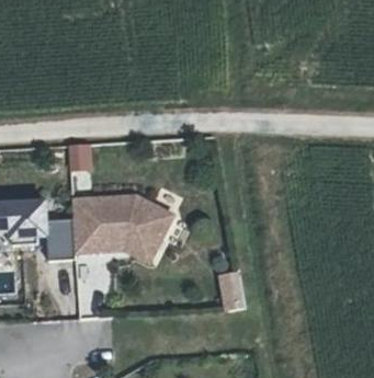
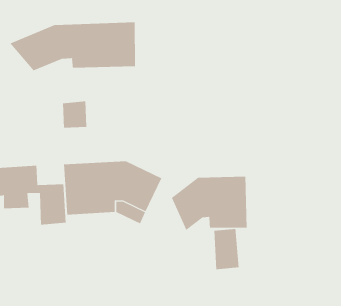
building: none -> [10,21,136,71]
building: none -> [171,176,247,231]

